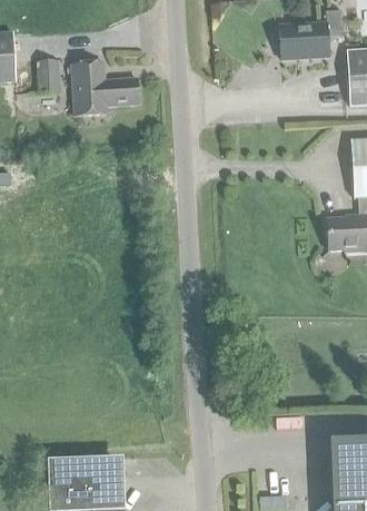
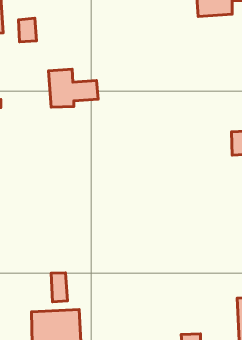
building: [70,61,138,114] -> [49,69,98,107]
building: none -> [51,273,68,302]

